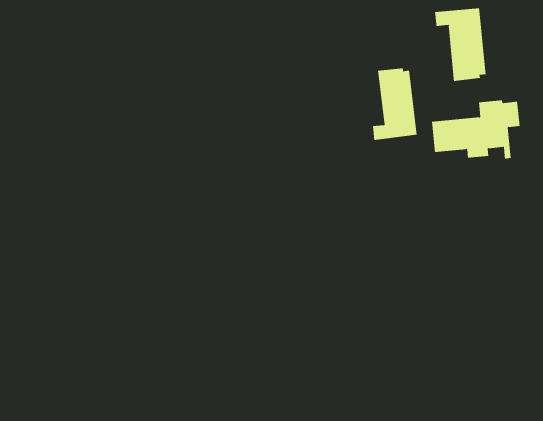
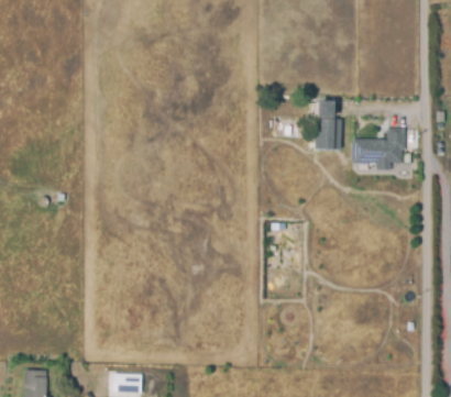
building: [434,8,486,82] -> none

